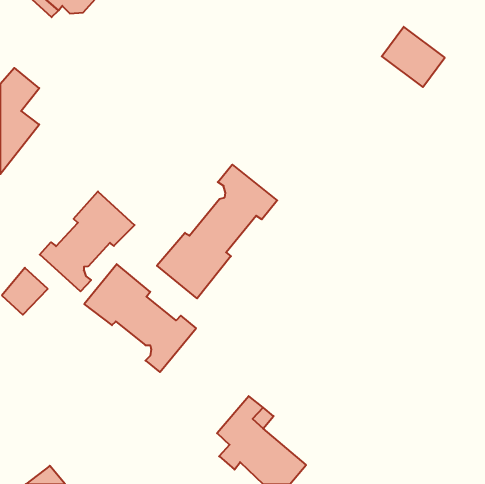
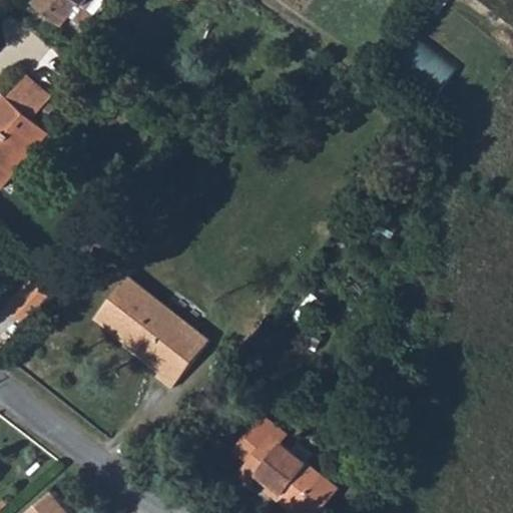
building: [157,165,277,298] -> none
building: [40,191,135,291] -> none

